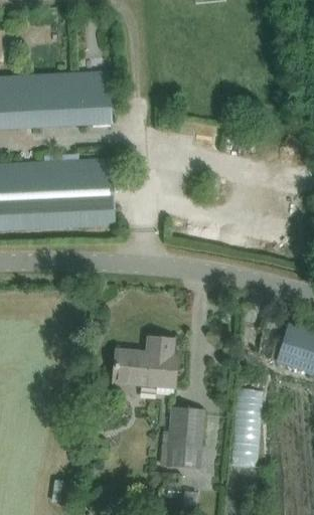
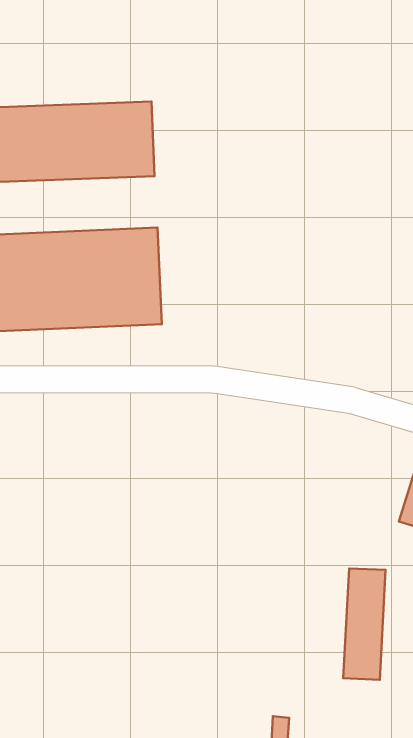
building: [111,338,174,387] -> none
building: [164,407,201,470] -> none

